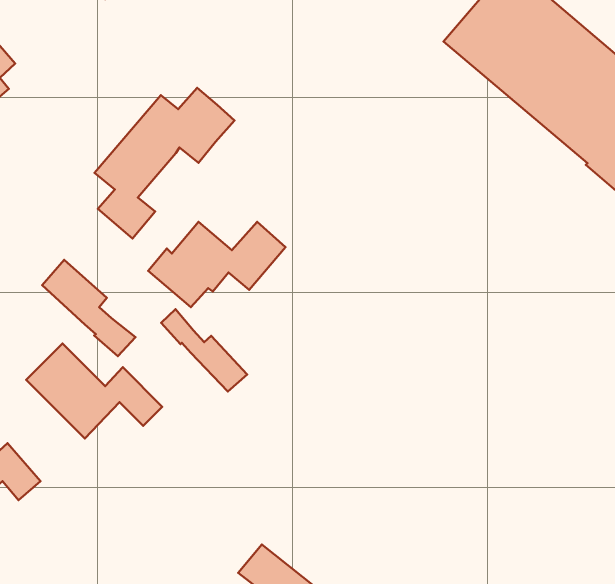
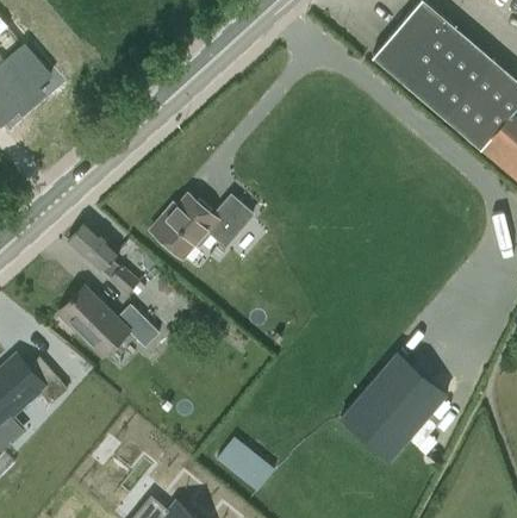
building: [95,88,234,239] -> none
building: [161,309,247,392] -> none
building: none -> [341,351,449,461]

